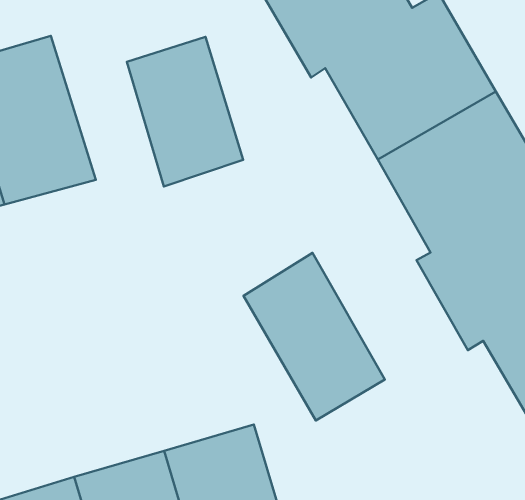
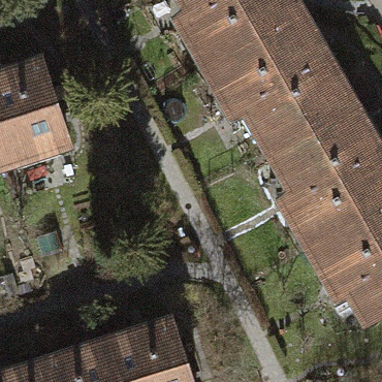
building: [127,37,243,187] -> none
building: [244,253,385,421] -> none

